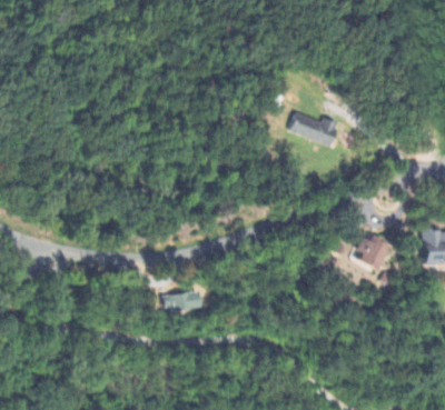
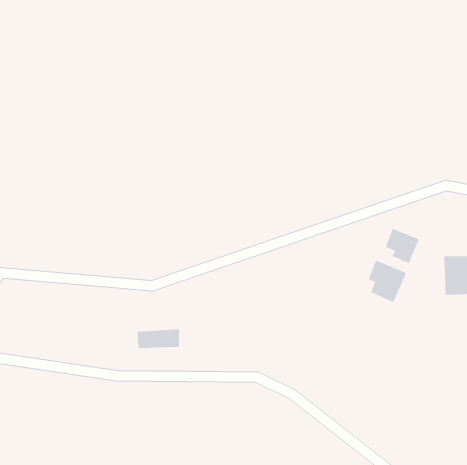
building: [286,113,334,144] -> none
building: none -> [385,228,420,264]

